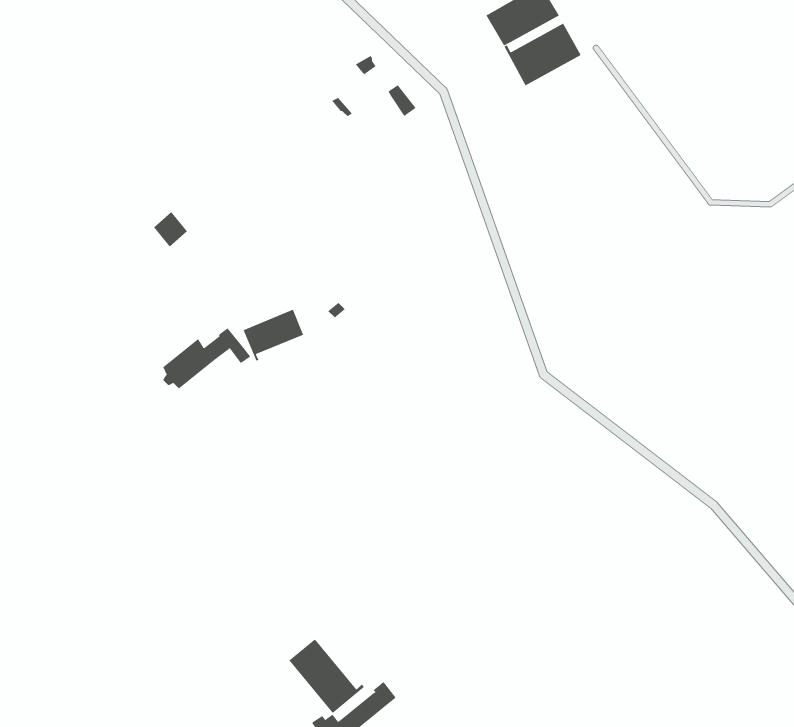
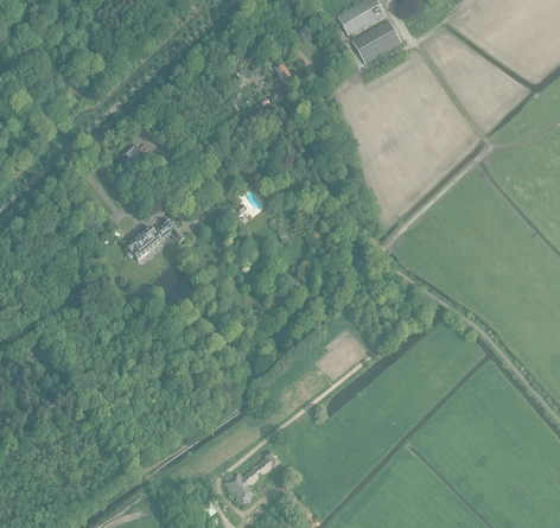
building: [243,309,304,361] -> none
building: [288,639,365,714] -> none

